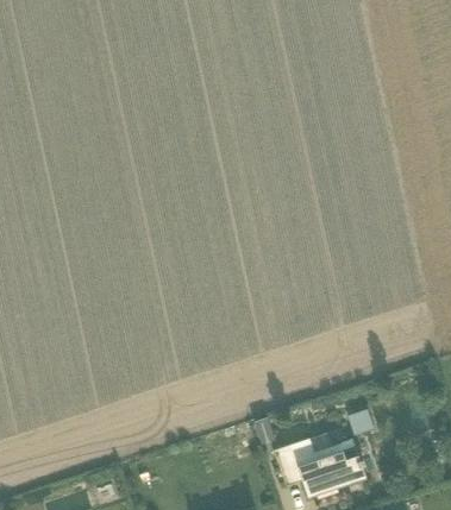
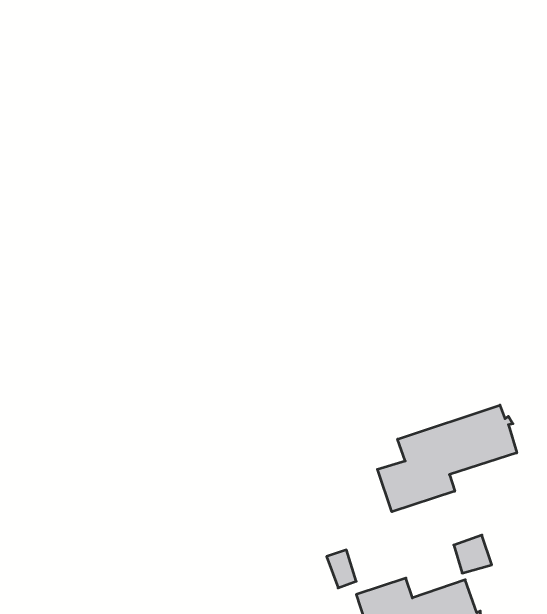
building: none -> [377,405,517,512]

